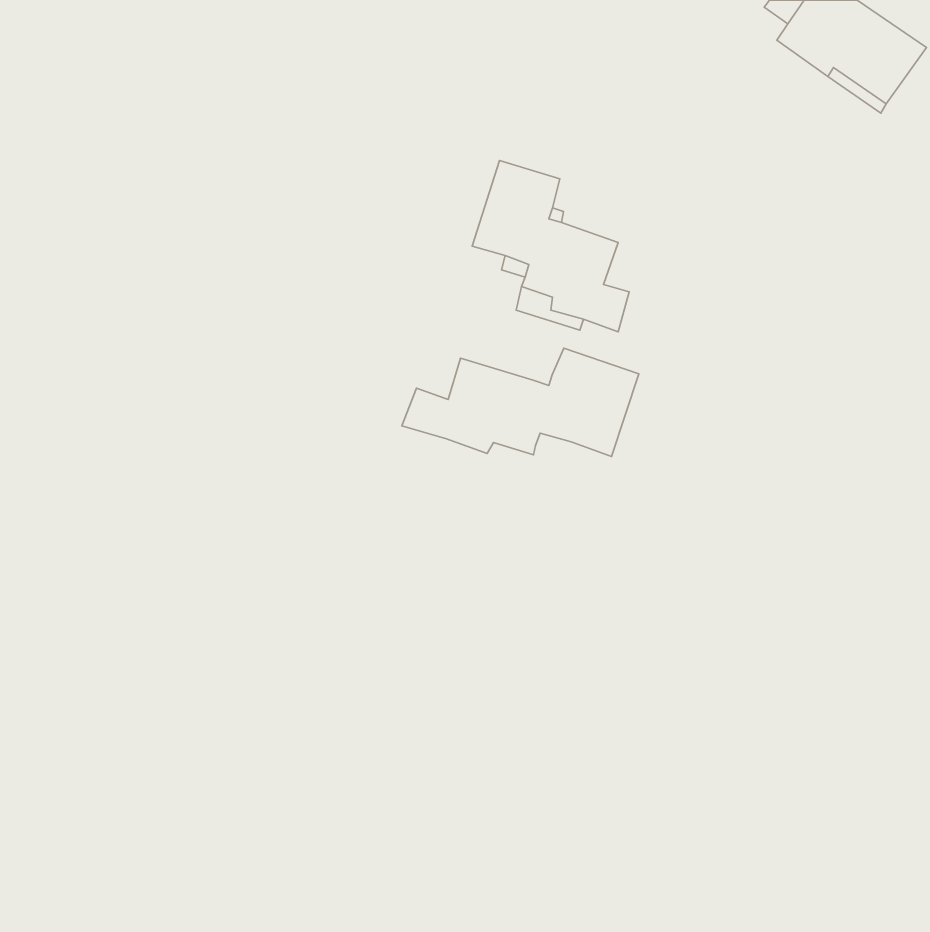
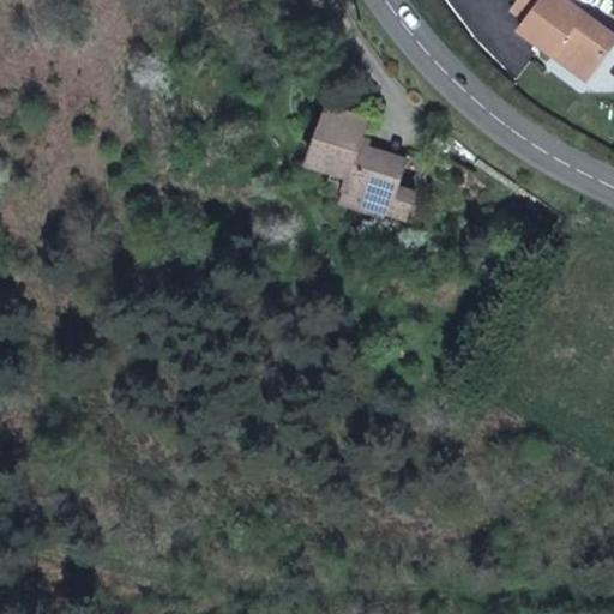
building: [402,348,639,457] -> none

